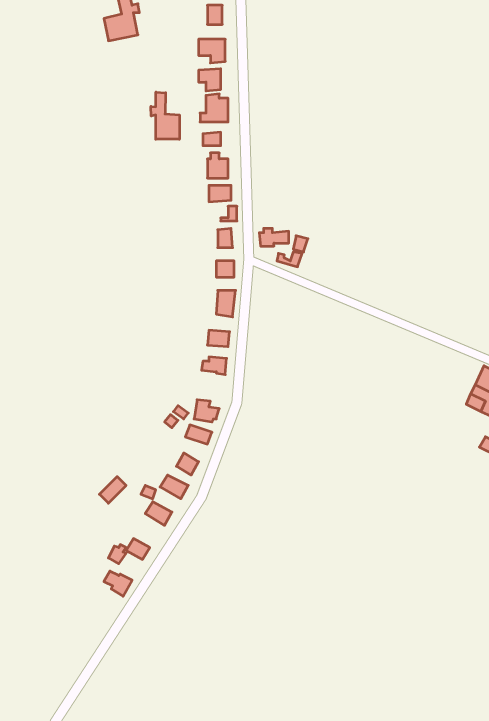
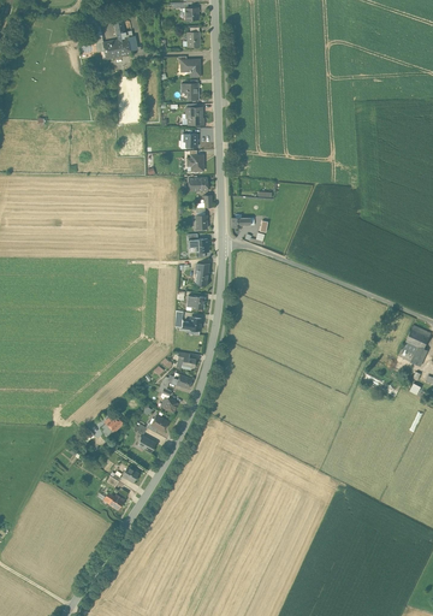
building: [151,92,179,139] -> none

